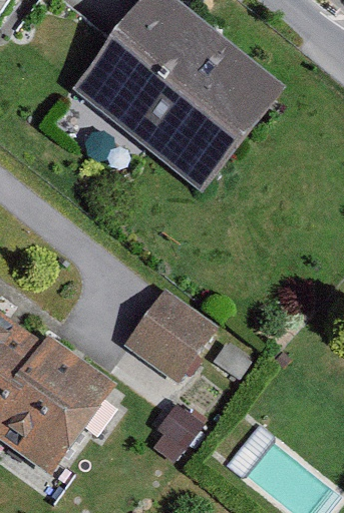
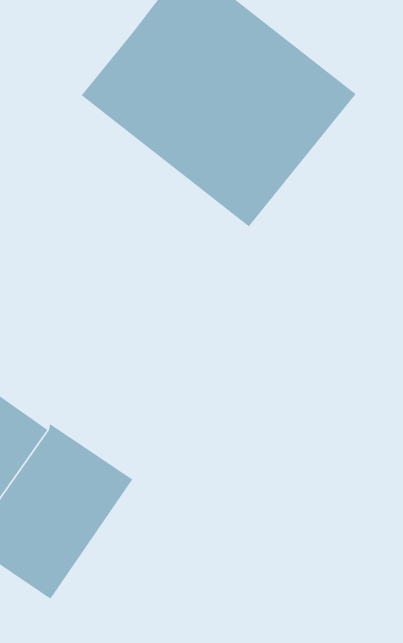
building: [123,292,215,383] -> none

